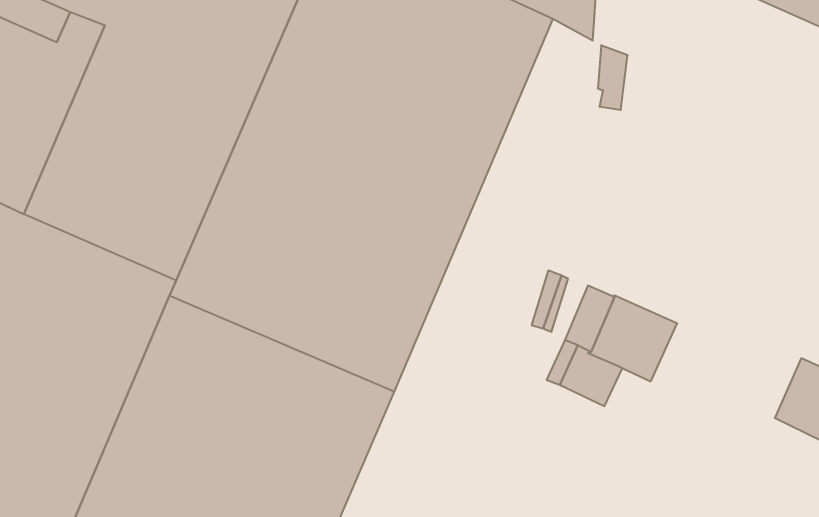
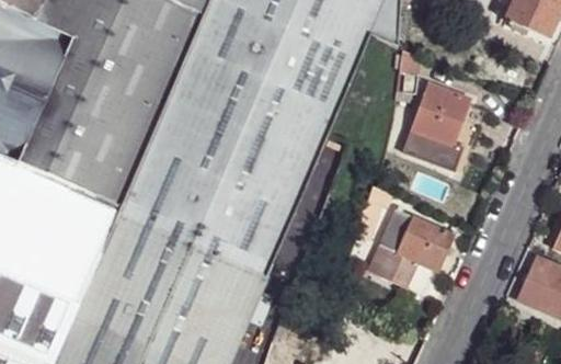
building: none -> [400,81,468,168]

